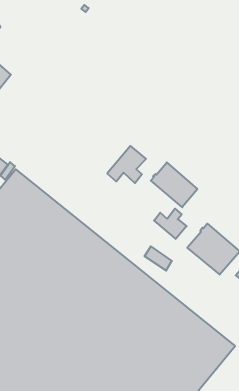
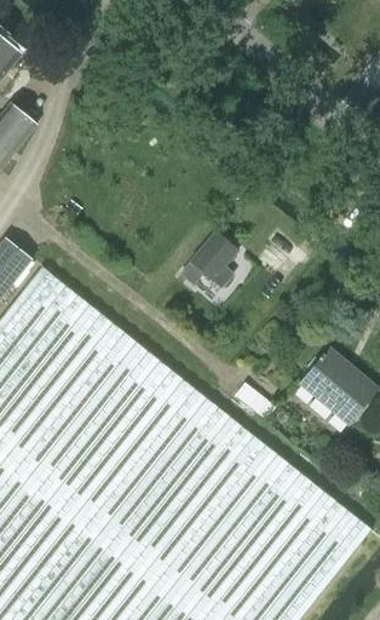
building: [151,162,197,207] -> none
building: [154,209,187,239] -> none

